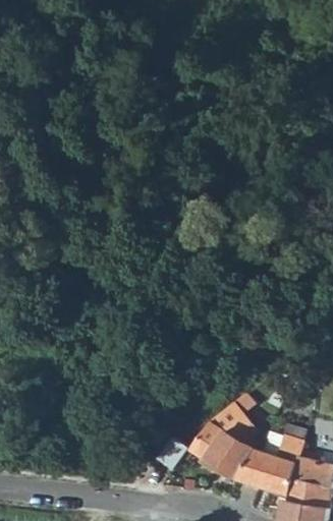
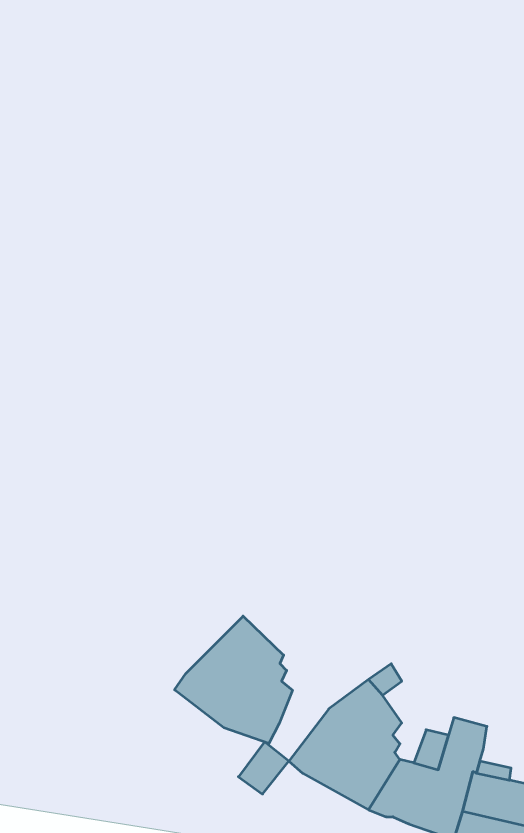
building: none -> [175,616,292,744]

